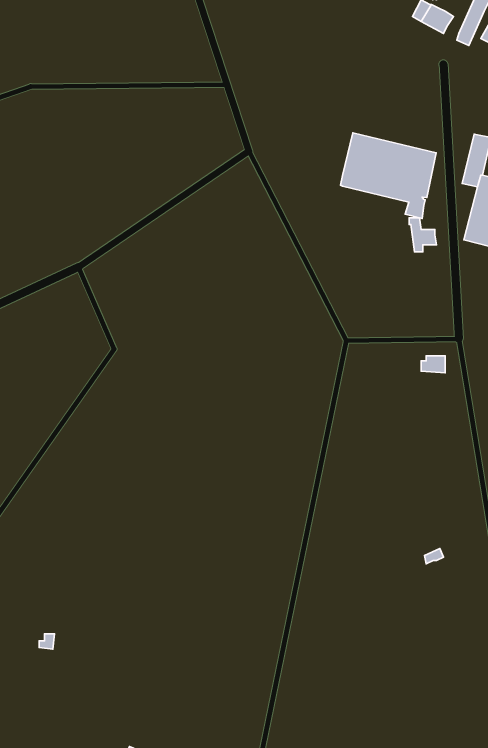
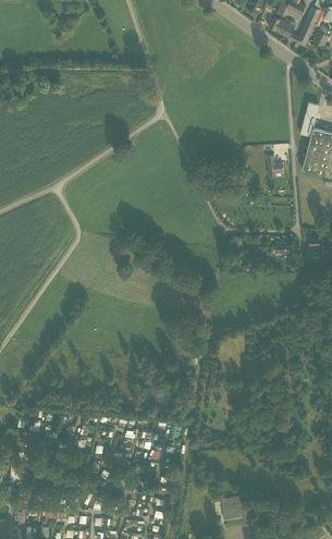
building: [341,133,436,218] -> none

